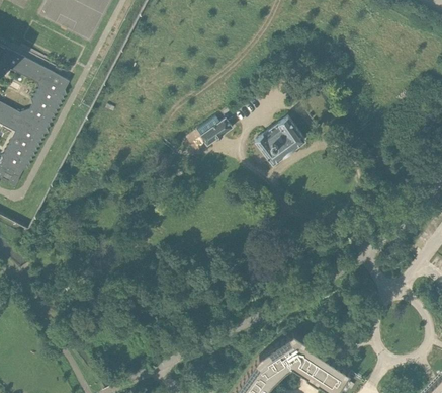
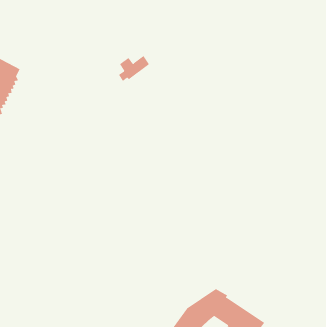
building: [253,115,304,165] -> none
building: [194,117,231,148] -> [118,55,150,82]

